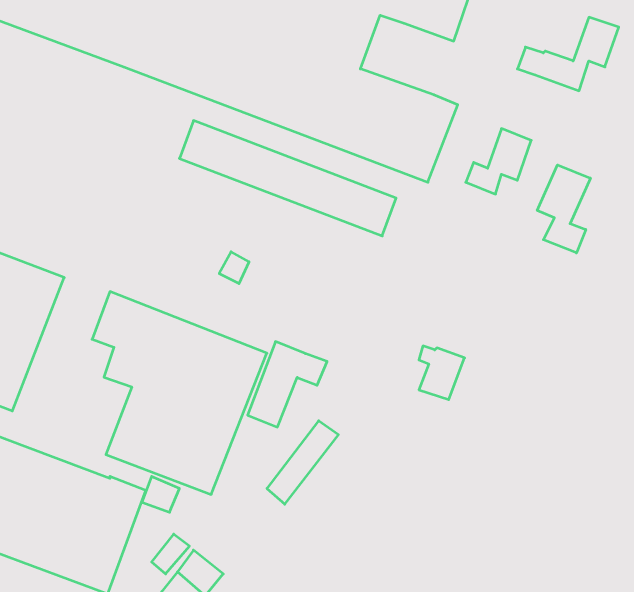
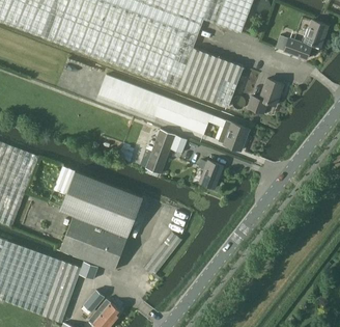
building: [537,165,590,253] -> none
building: none -> [223,122,249,151]
building: [248,342,327,427] -> [145,130,187,174]
building: [419,346,465,400] -> [199,160,223,188]

